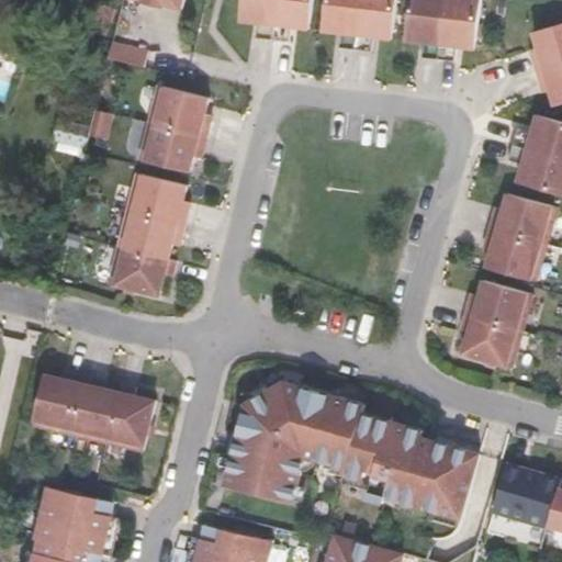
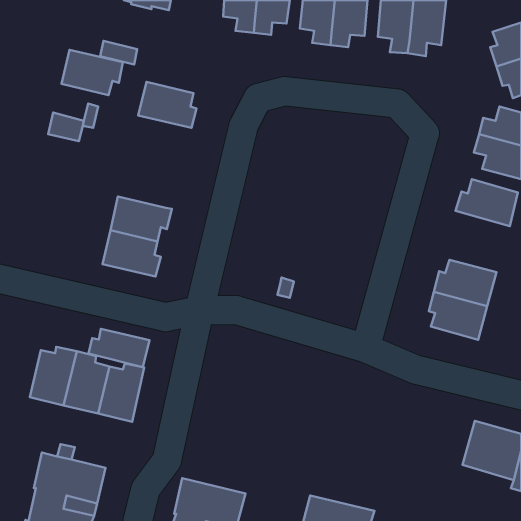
building: [139,126,205,175] -> [61,50,123,95]
building: [126,177,190,226] -> none
building: [483,228,547,280] -> none
building: none -> [88,329,149,367]
building: [228,376,483,512] -> none

